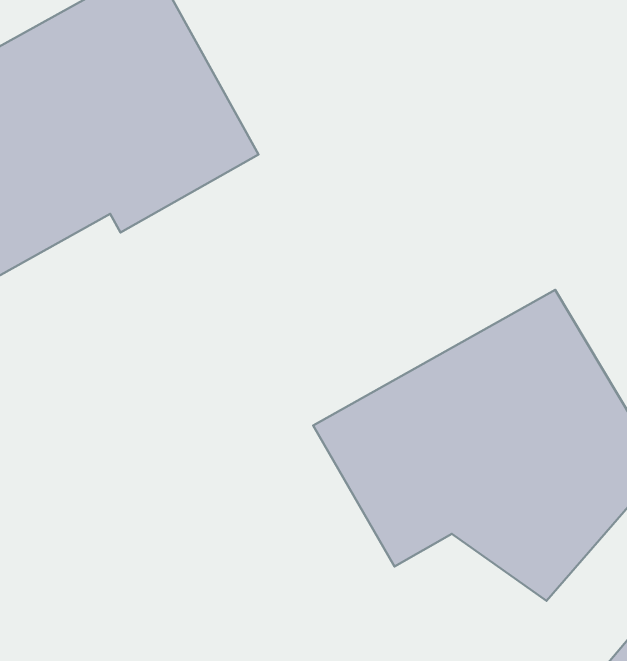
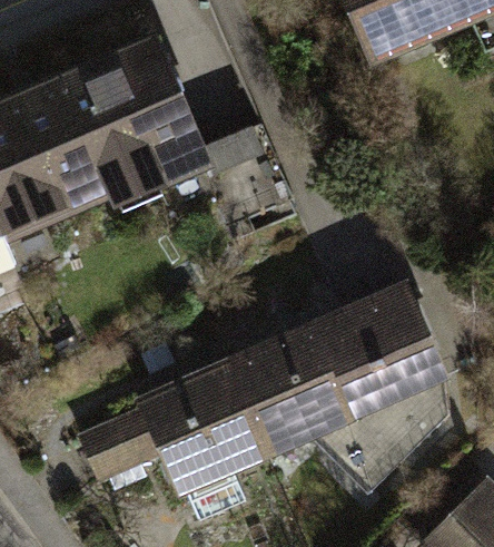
building: none -> [82,355,277,501]

